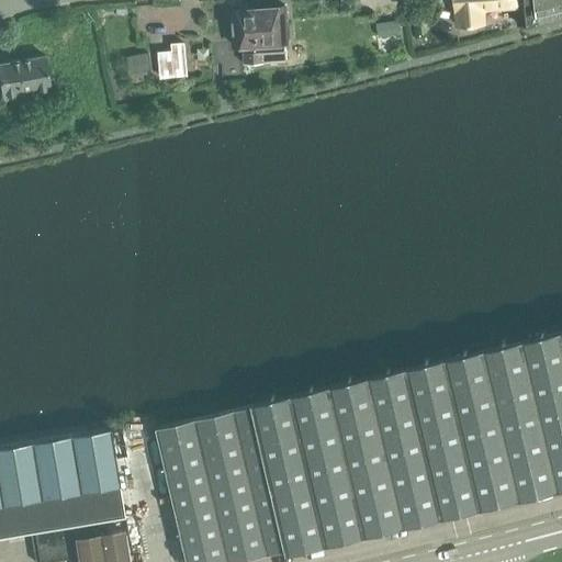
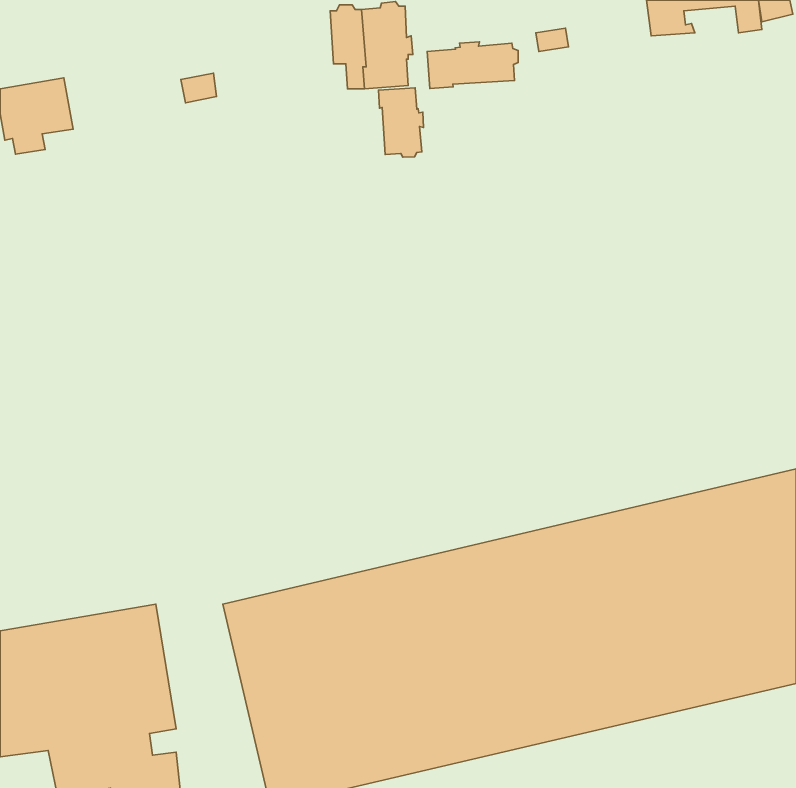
building: none -> [427,42,518,89]
building: [157,48,191,82] -> none
building: none -> [378,88,424,157]

